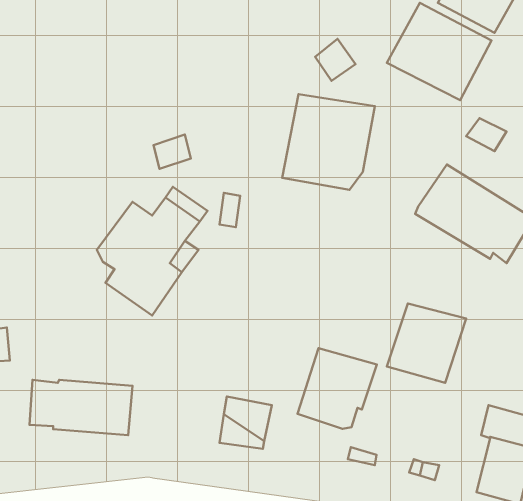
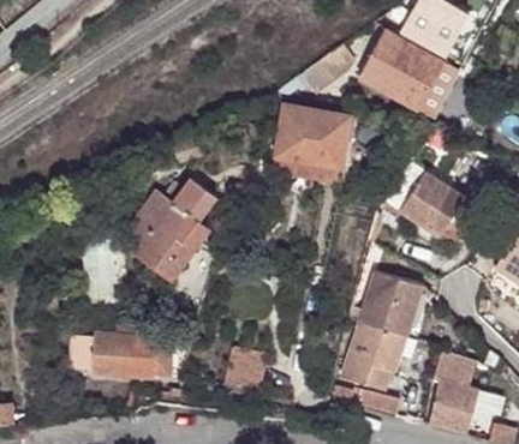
building: [298,348,377,429] -> [342,323,406,388]

